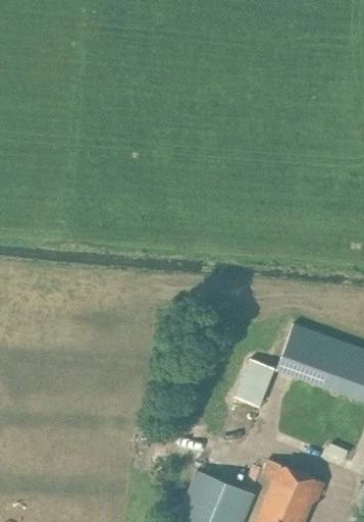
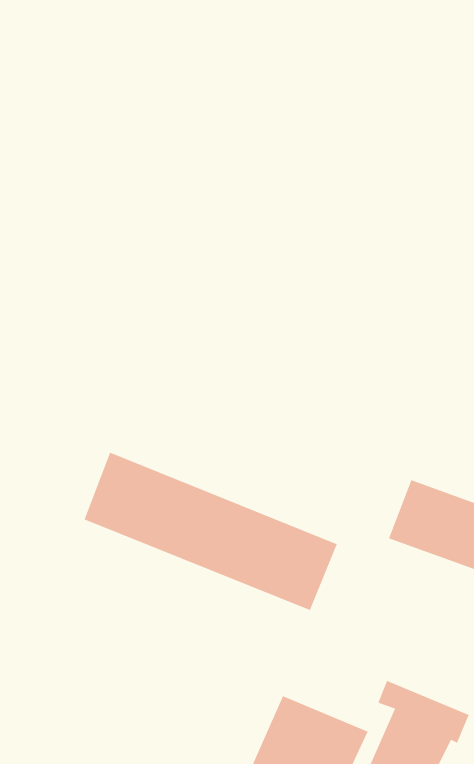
building: none -> [84,452,337,611]
building: [236,359,275,406] -> none

